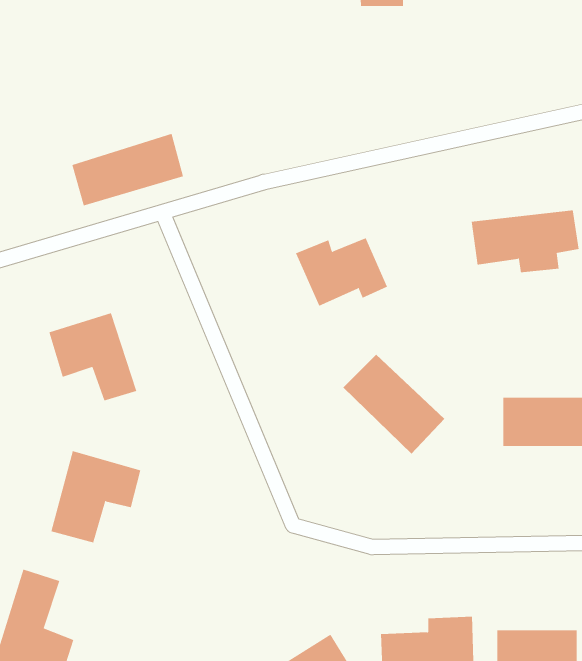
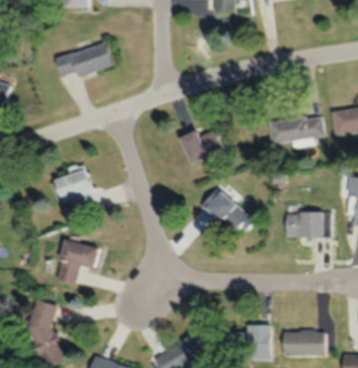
building: [71,133,184,206] -> [54,41,111,79]

